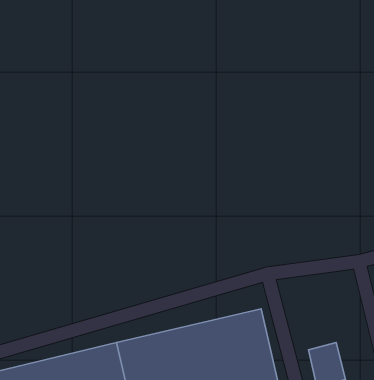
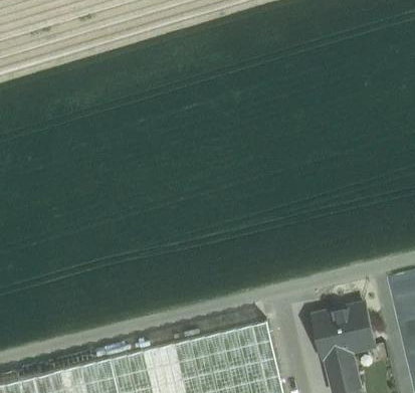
building: none -> [308,305,369,360]

